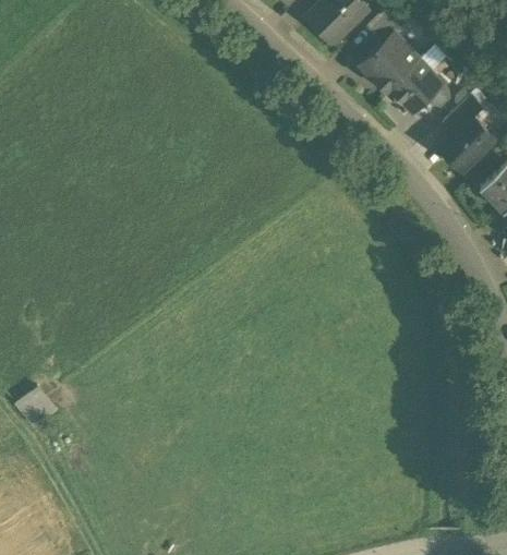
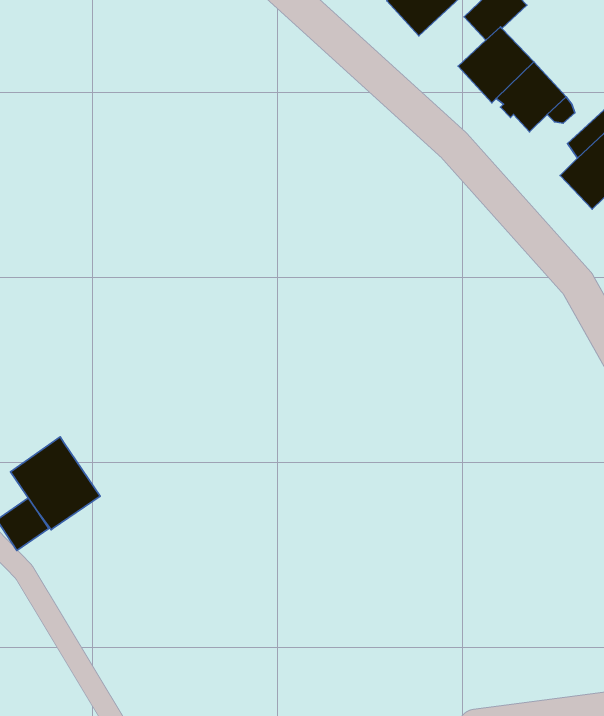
building: none -> [11,437,100,530]

